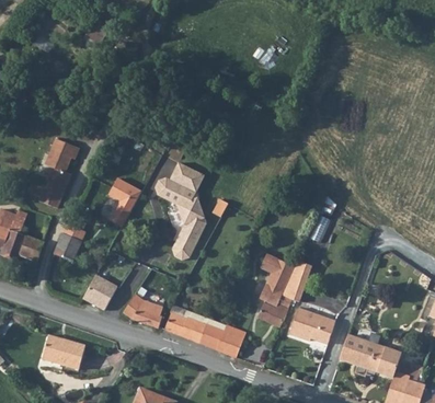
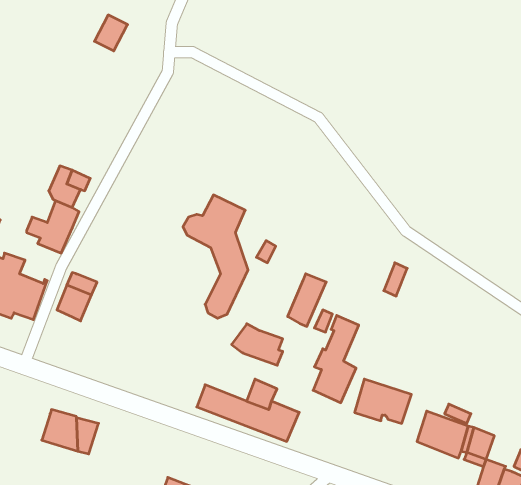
building: [106,180,139,228] -> none
building: [281,260,311,301] -> [288,274,326,326]
building: [81,275,115,311] -> none
building: [122,295,162,327] -> [232,324,283,365]

